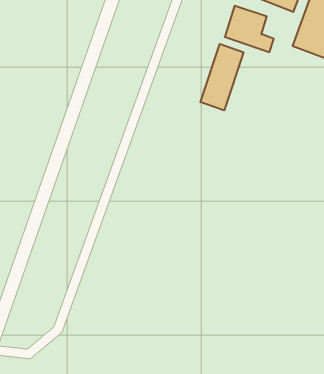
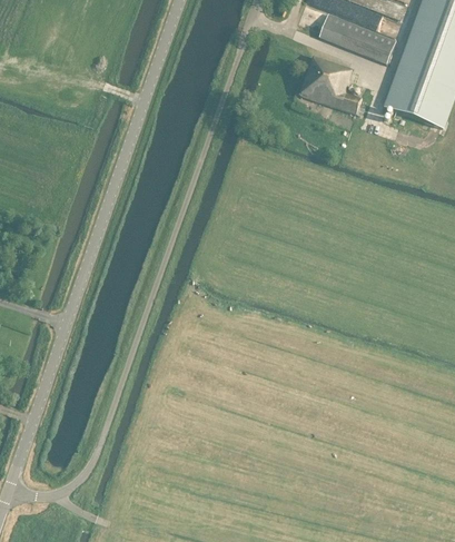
building: [201,44,243,110] -> none

